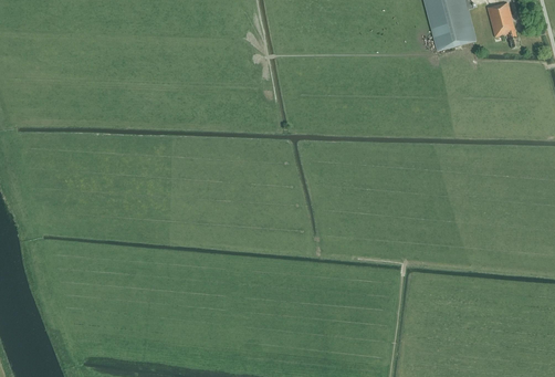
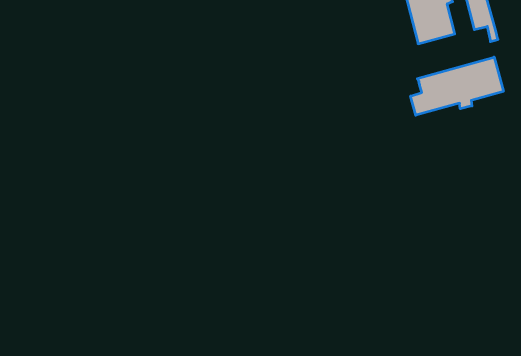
building: none -> [411,57,503,115]

